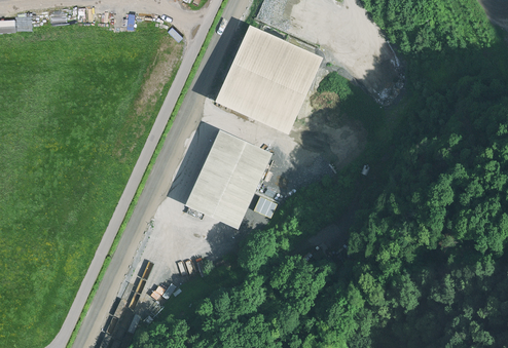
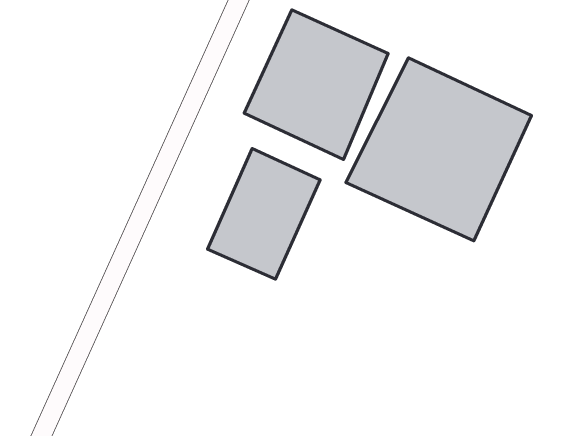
building: none -> [346,58,532,241]

